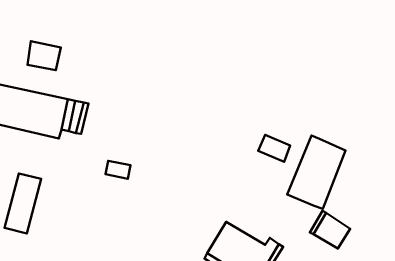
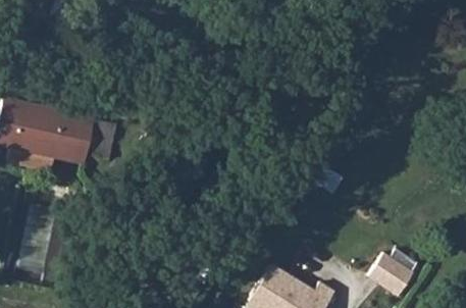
building: [28,41,61,70] -> none
building: [287,135,346,209] -> none

